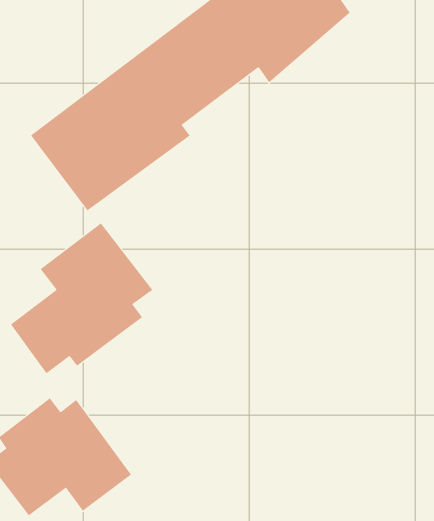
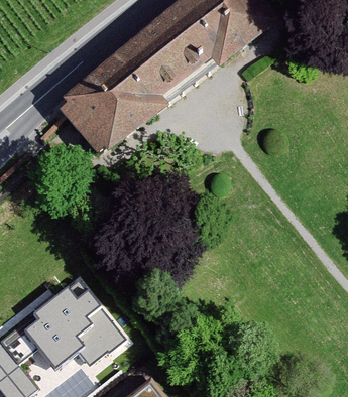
building: [10,223,153,374] -> none

